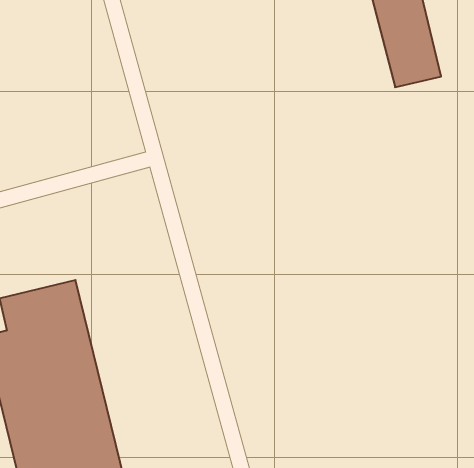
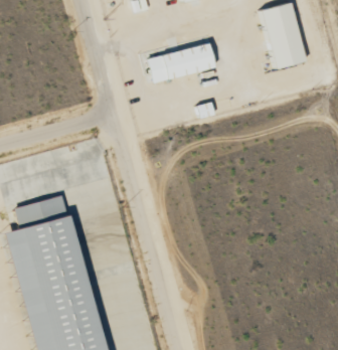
building: none -> [149,42,216,81]

